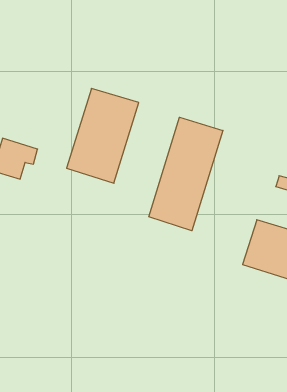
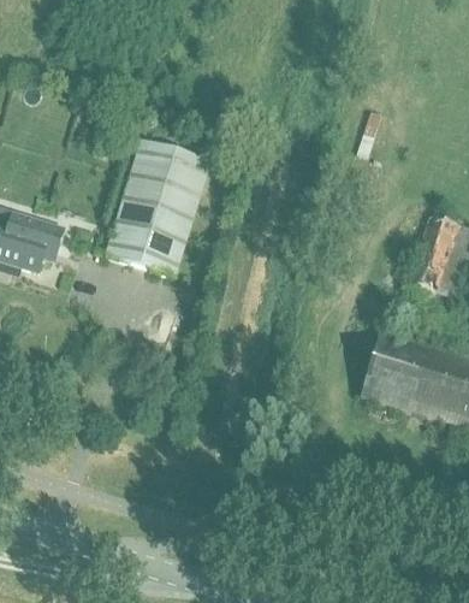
building: [149,117,223,231] -> none

